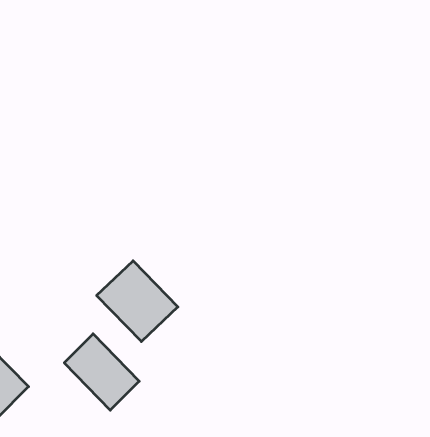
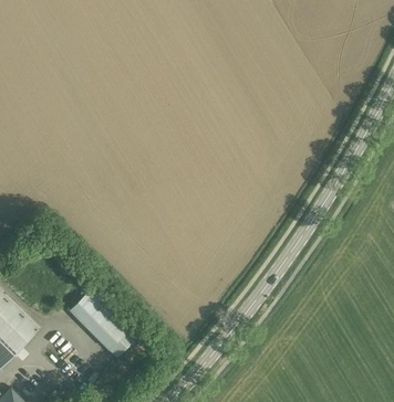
building: [97,261,178,342] -> none

